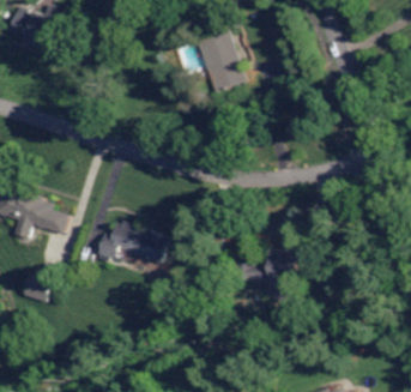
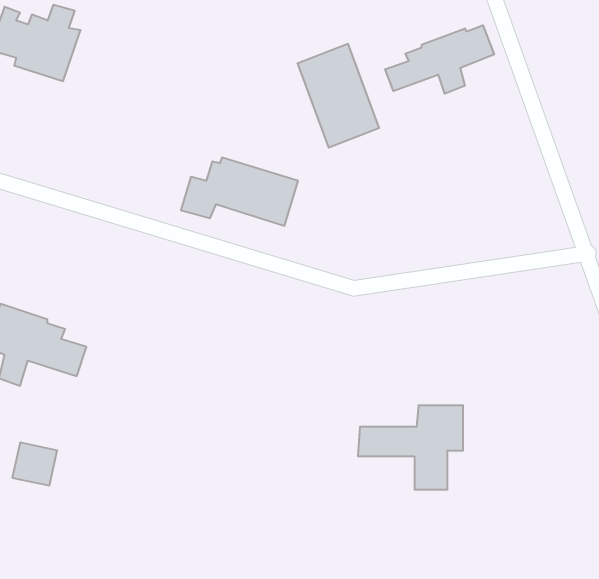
building: none -> [385,25,494,94]
building: [95,221,167,263] -> [181,157,298,226]

